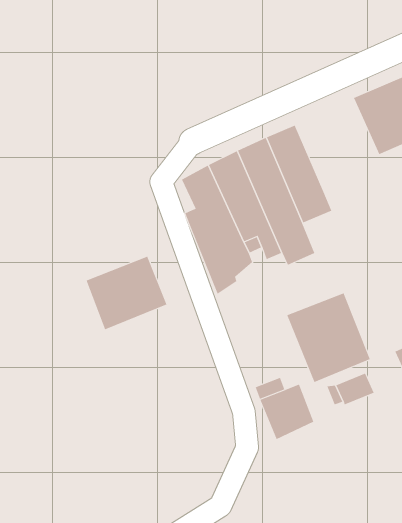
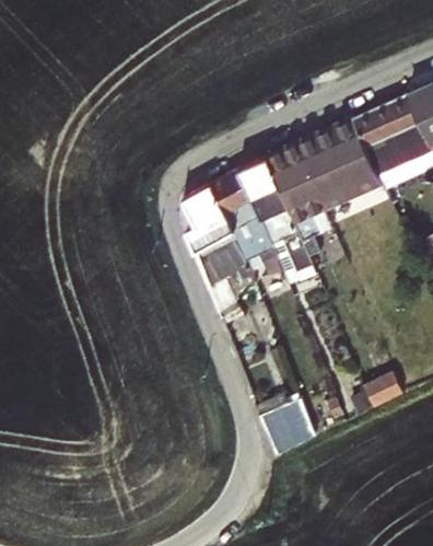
building: none -> [297,118,384,210]
building: [86,256,167,330] -> none
building: [286,293,371,383] -> none

